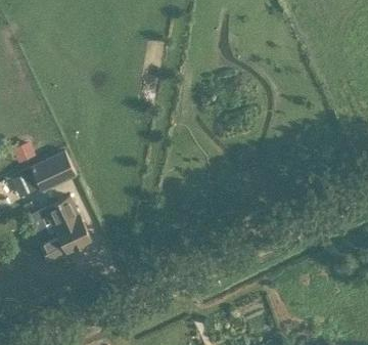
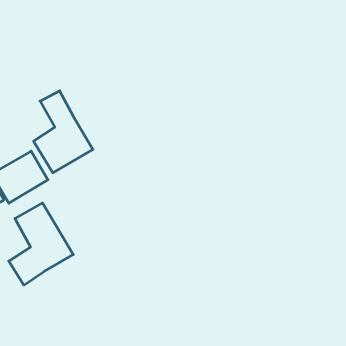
building: none -> [34,91,93,173]

